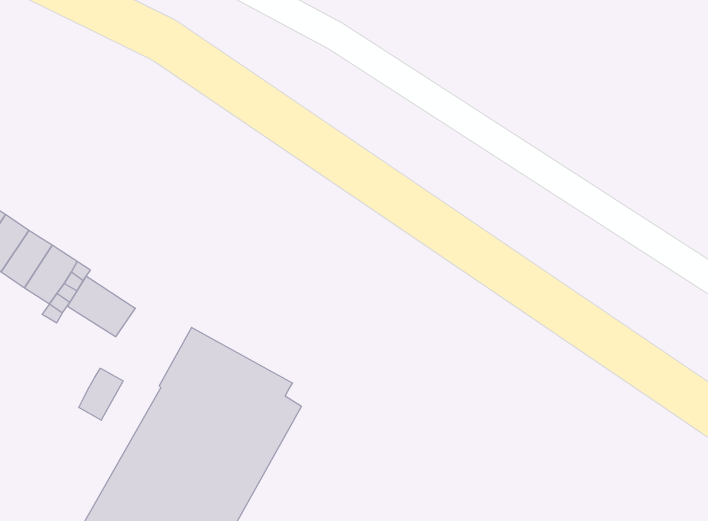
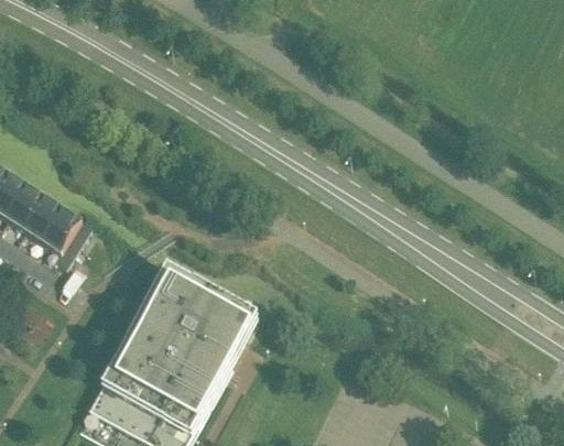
building: [67,276,135,337] -> none
building: [79,368,123,420] -> none

